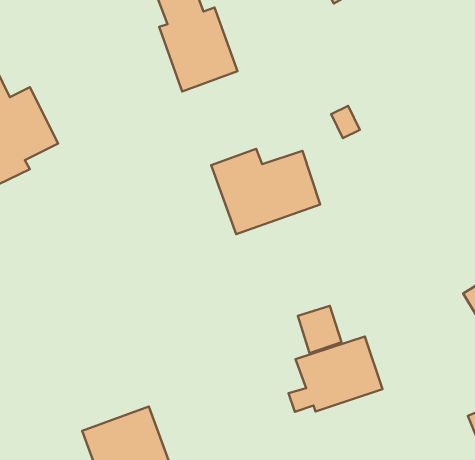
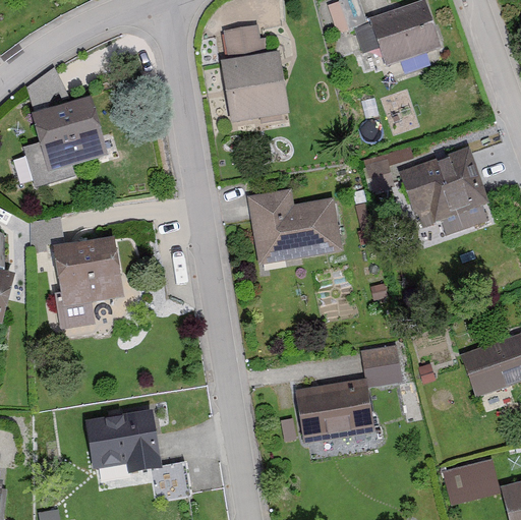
building: none -> [399,147,489,233]
building: none -> [53,236,123,331]
building: [298,306,341,353] -> [364,346,401,387]

